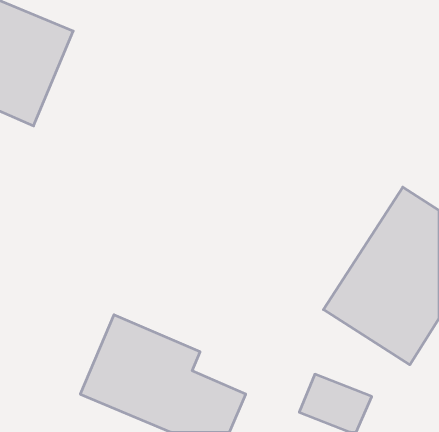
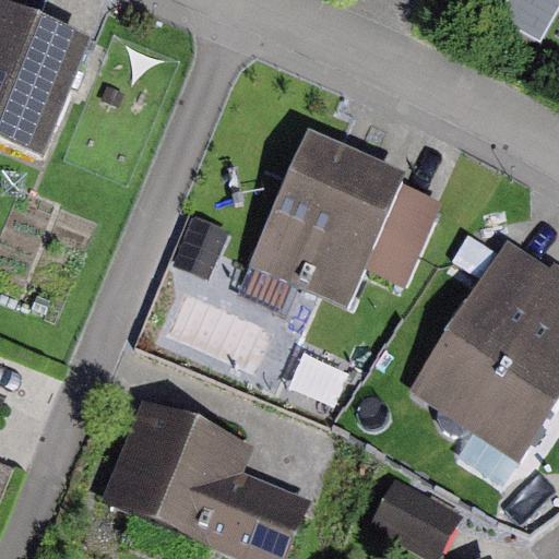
building: none -> [212,122,437,308]

